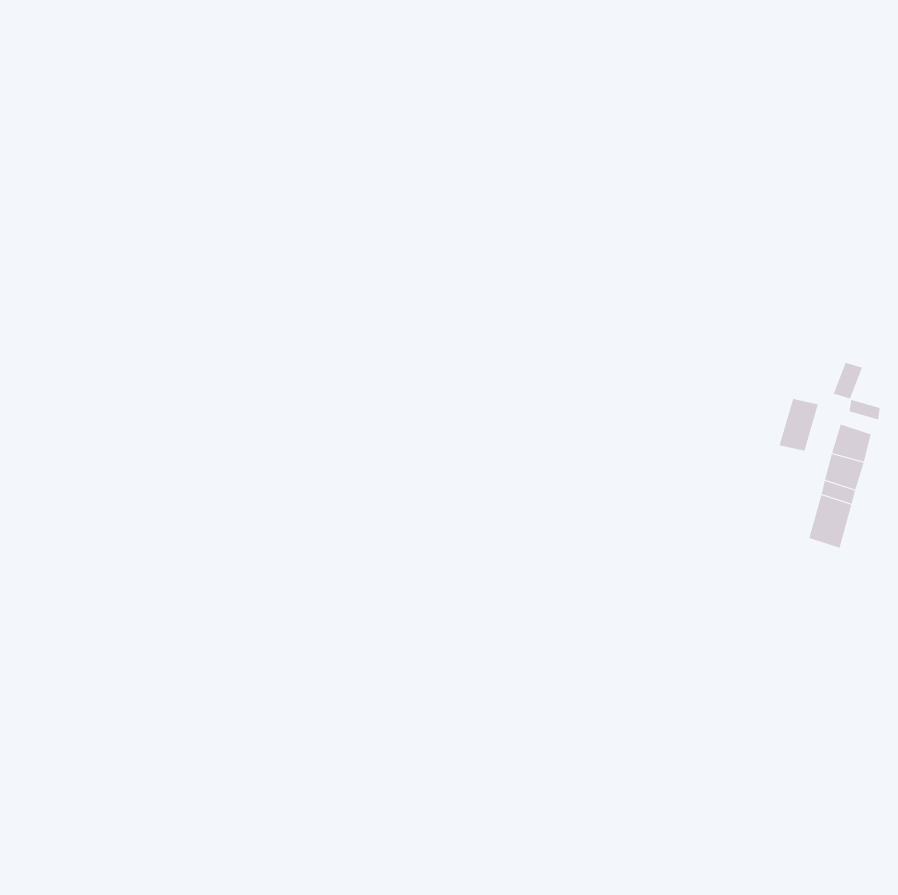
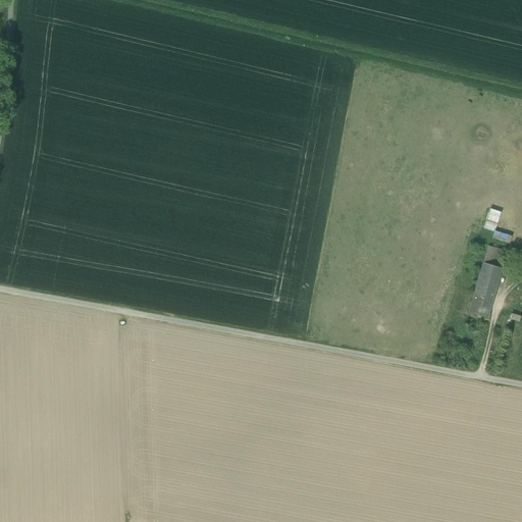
building: [779,398,819,451] -> none

